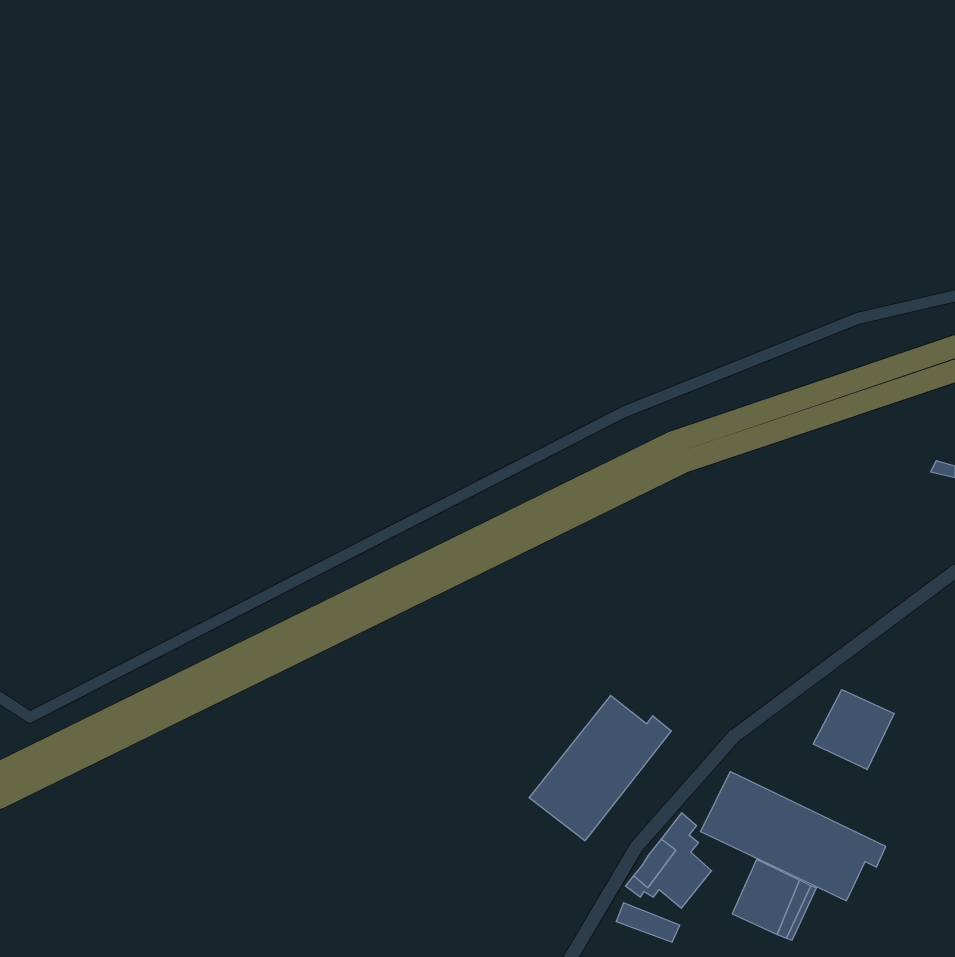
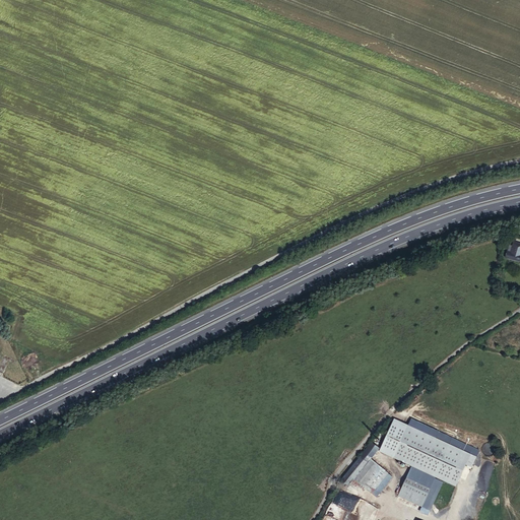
building: [813,690,894,770] -> none
building: [529,695,671,841] -> none

